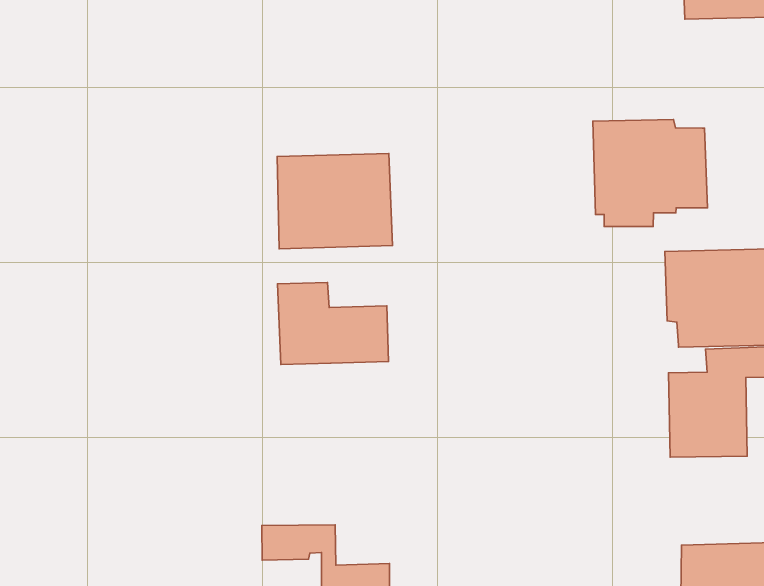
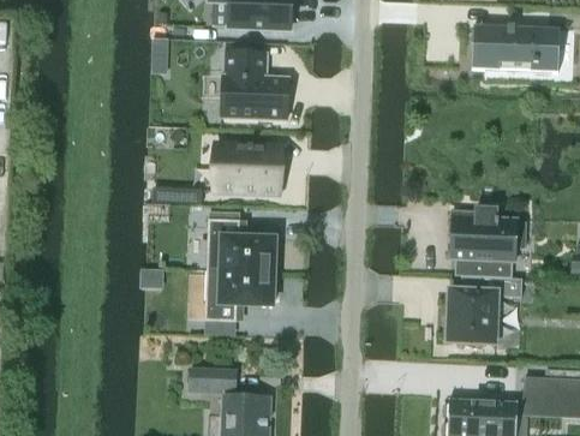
building: none -> [220,48,289,119]
building: [593,119,707,227] -> none
building: none -> [205,269,275,321]

